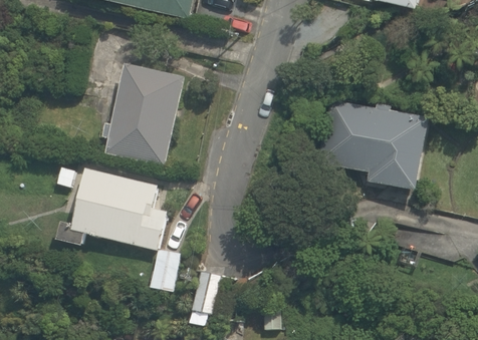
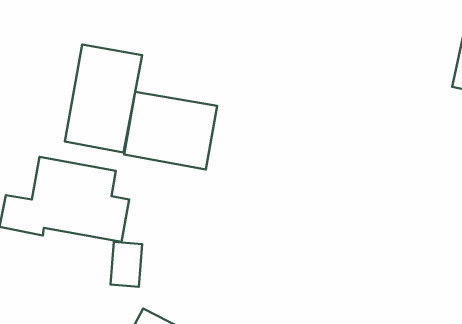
building: [319,95,425,182] -> none
building: none -> [124,92,217,169]

